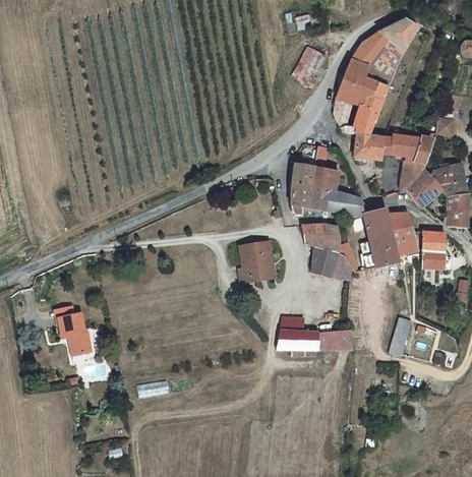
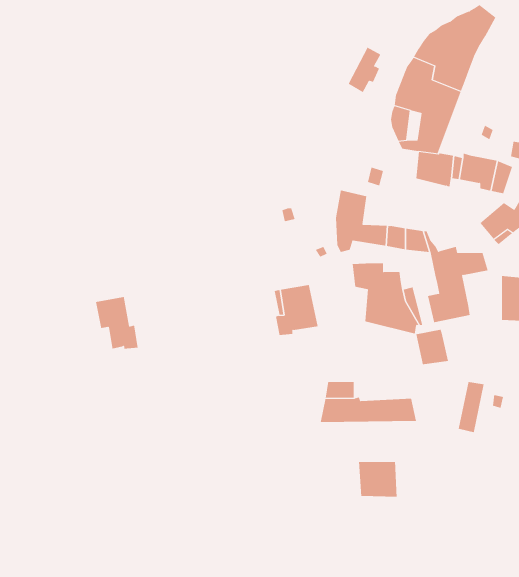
building: [400,162,424,190] -> none
building: [312,168,341,191] -> none
building: [392,227,418,255] -> [416,329,449,365]
building: [58,312,93,354] -> [95,297,139,349]
building: none -> [358,461,397,498]

